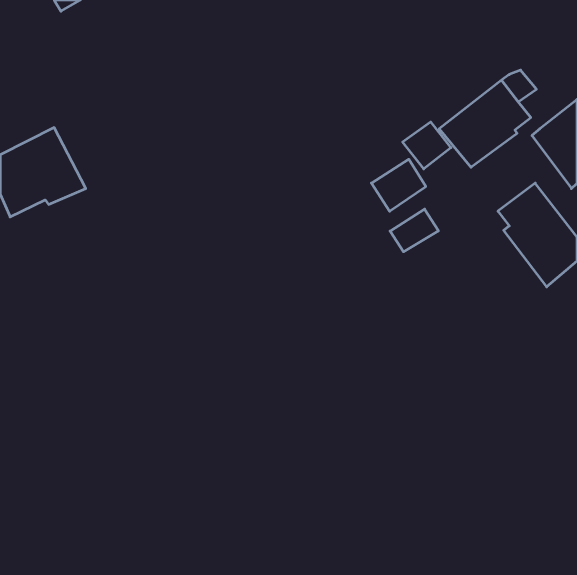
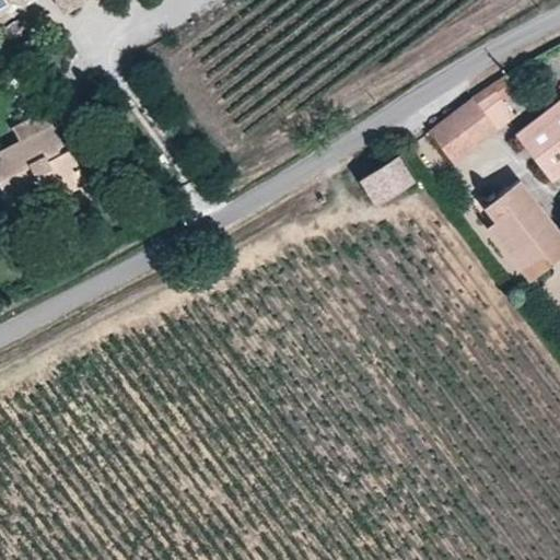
building: [403,122,451,169] -> none
building: [390,209,438,252] -> none

